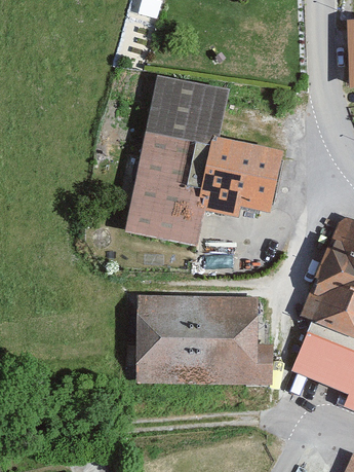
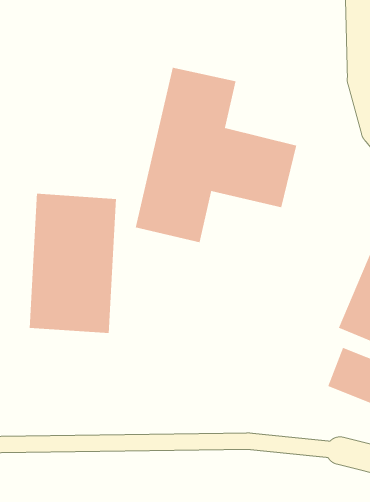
building: none -> [29,193,117,334]
building: [134,300,267,382] -> none

